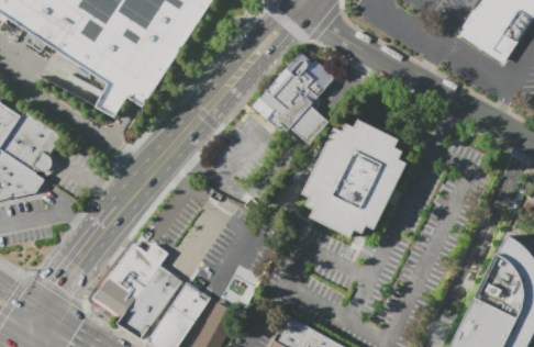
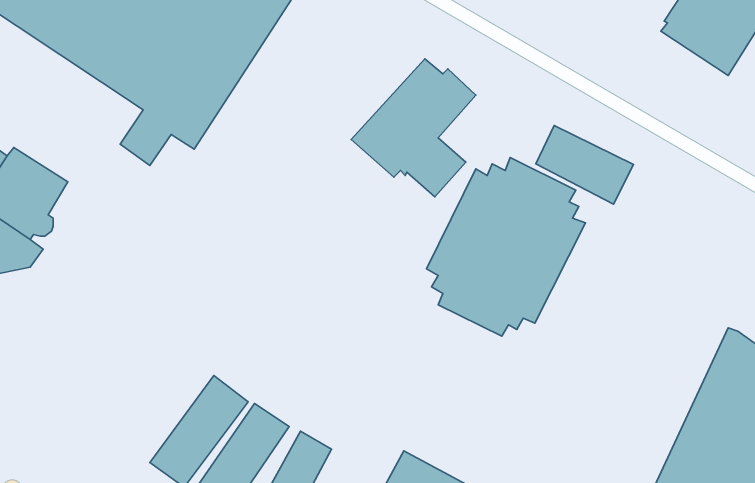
building: none -> [536,125,633,204]
building: [91,198,199,317] -> none

